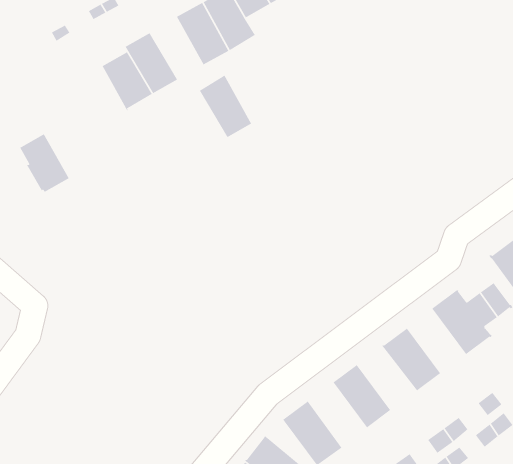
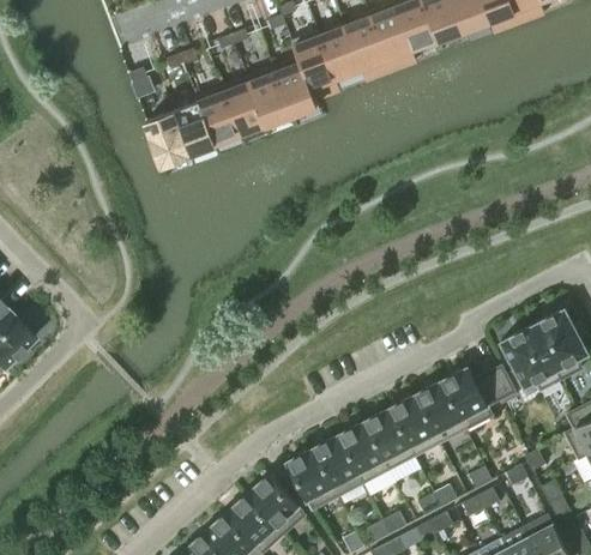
building: [199,75,252,138] -> [221,77,265,135]
building: [19,133,70,193] -> [146,111,188,167]
building: none -> [415,382,465,444]
building: none -> [363,409,415,470]
building: none -> [313,435,363,497]

